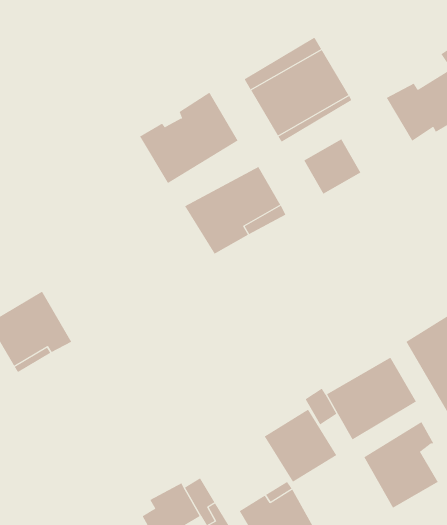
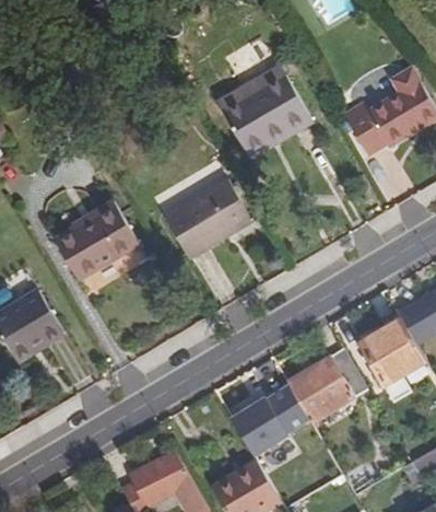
building: [139,92,238,184] -> [54,199,141,280]
building: [303,138,361,194] -> none
building: [364,421,438,508] -> none

